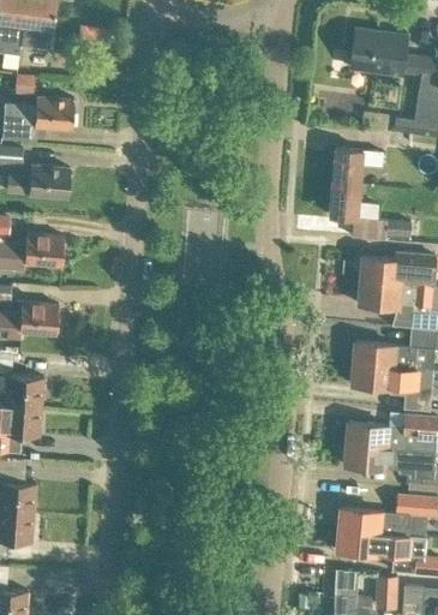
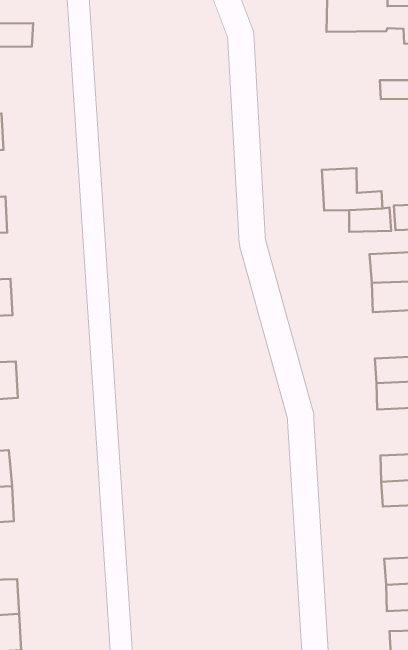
building: [331,148,382,184] -> none

